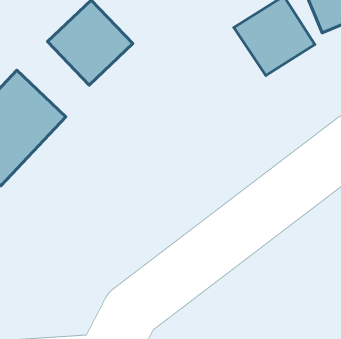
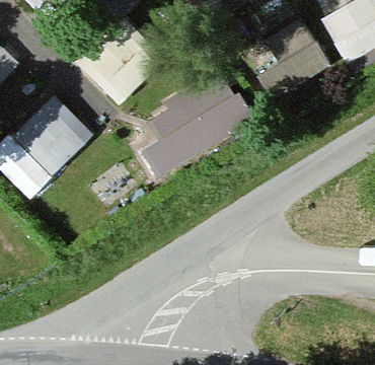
building: none -> [129,89,231,178]

